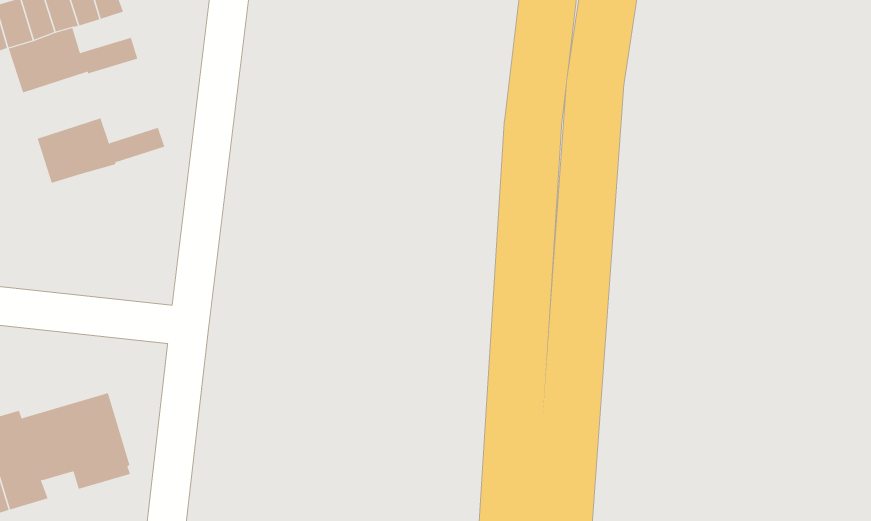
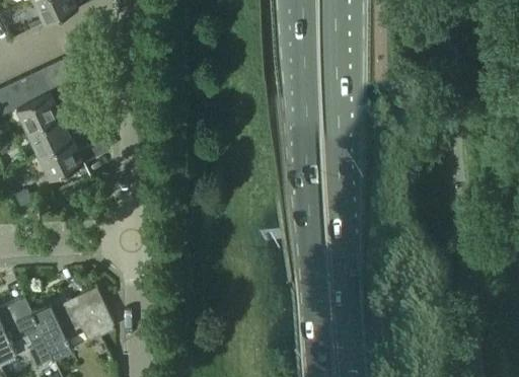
building: none -> [26,117,96,156]

